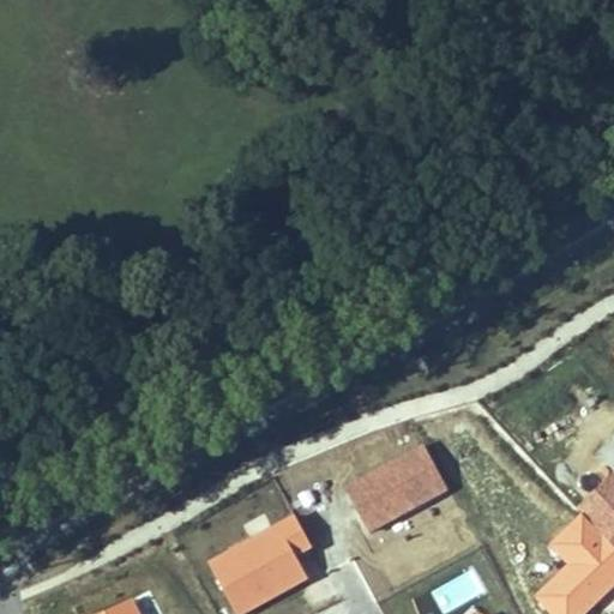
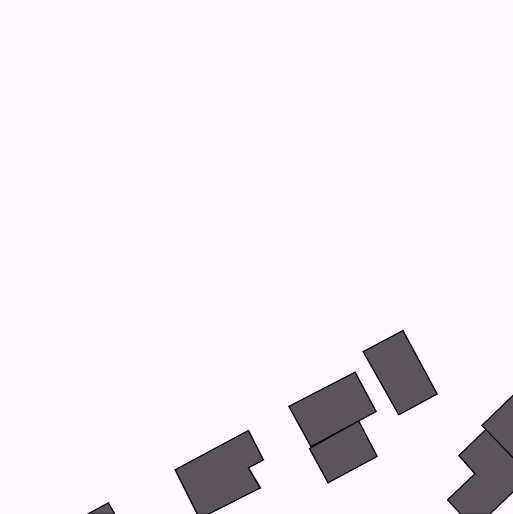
building: none -> [363,330,437,415]
building: none -> [310,421,377,483]

